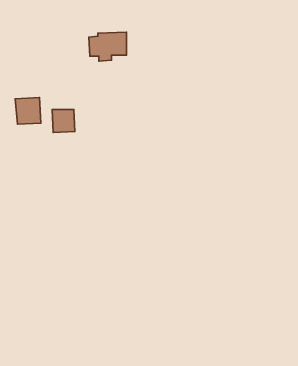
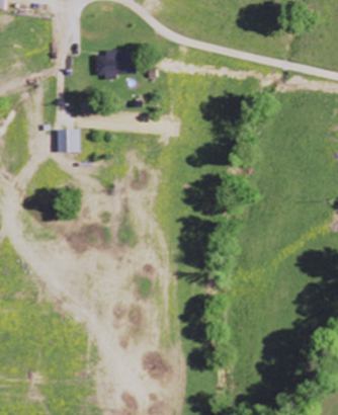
building: [15,98,41,124] -> none

